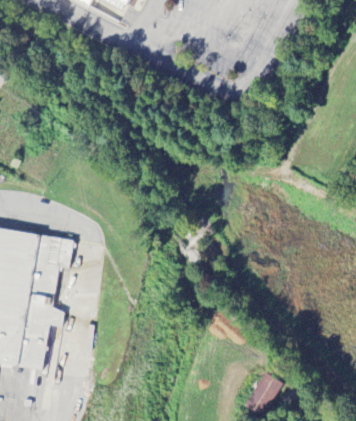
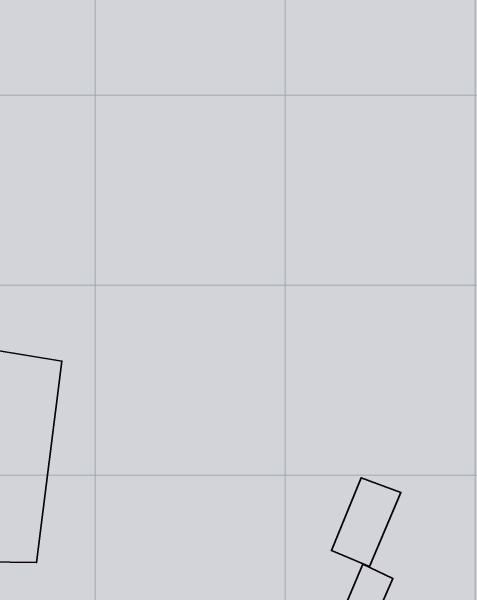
building: none -> [331,478,401,567]

